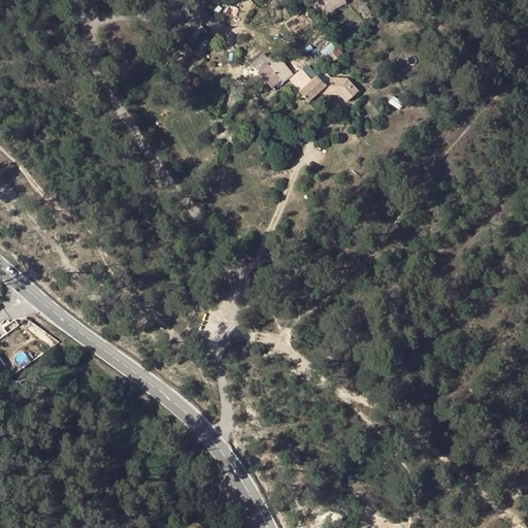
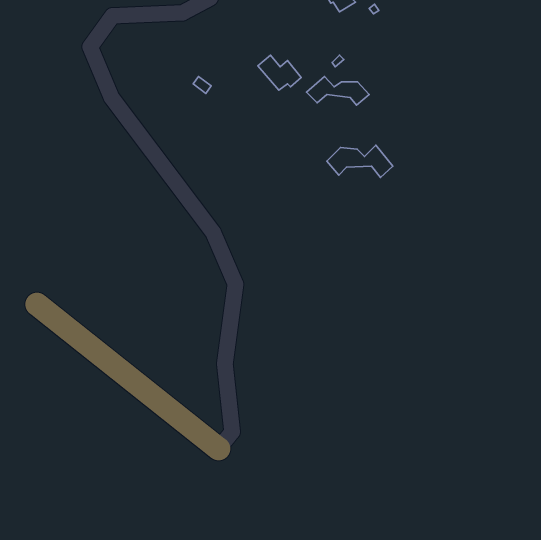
building: none -> [327,145,393,178]

